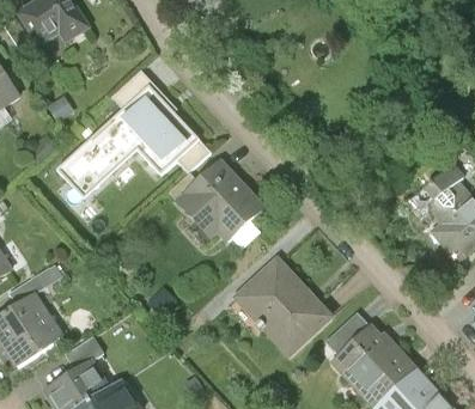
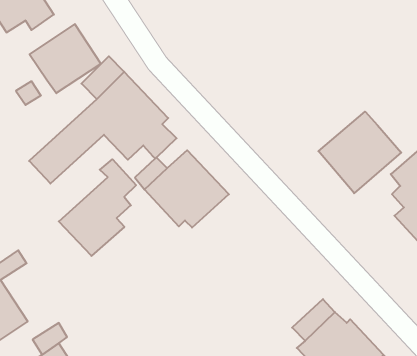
building: none -> [30,24,101,93]
building: none -> [318,112,401,193]
building: none -> [59,159,136,256]
building: [236,258,334,356] -> none

